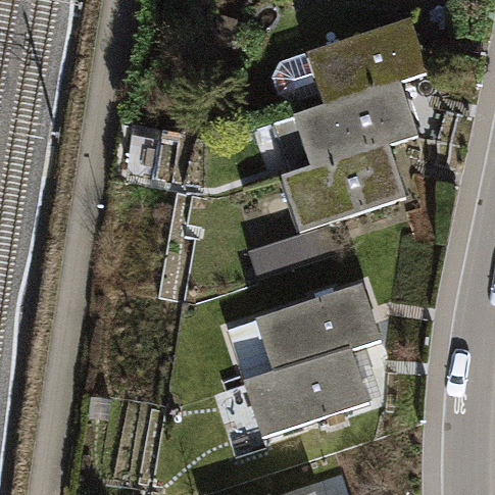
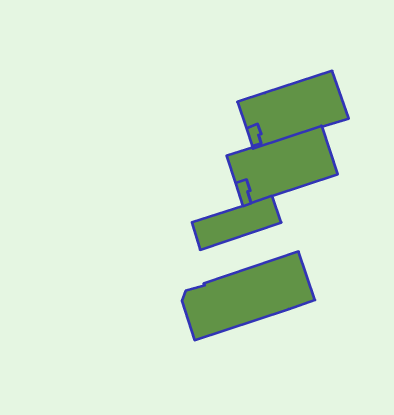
building: [275,18,429,105] -> none
building: [246,347,369,433] -> none

